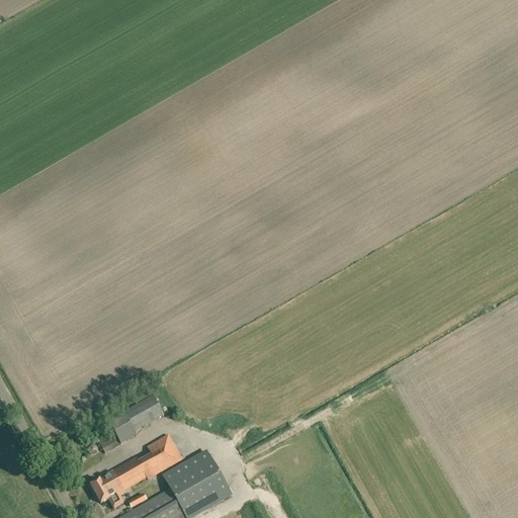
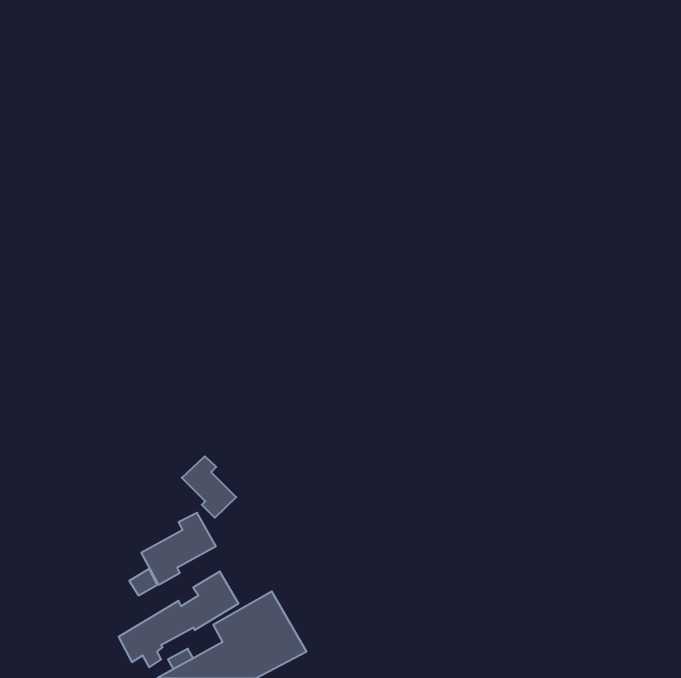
building: none -> [182,456,236,518]

